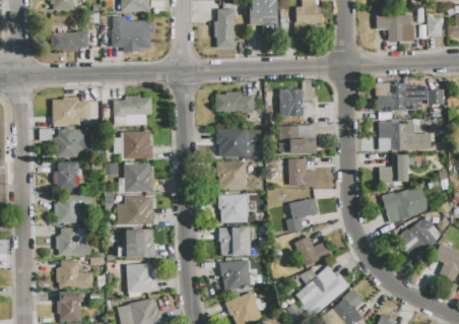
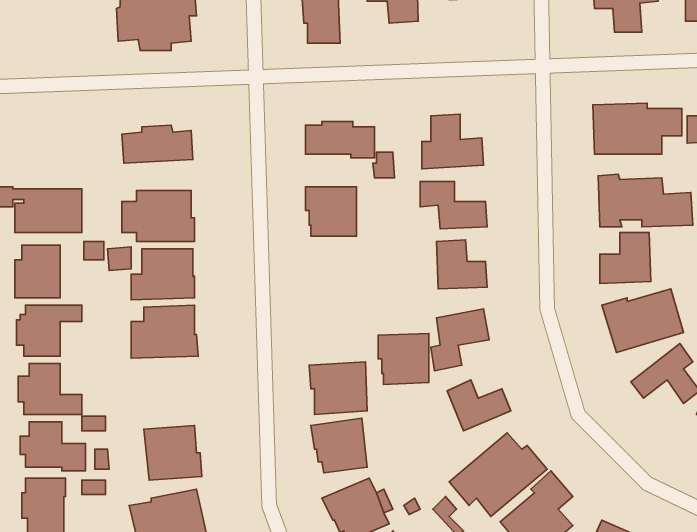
building: [50,29,95,52] -> none
building: [51,98,89,125] -> none
building: [216,161,245,190] -> none
building: [218,194,247,222] -> [378,333,429,384]
building: [125,229,154,257] -> none

